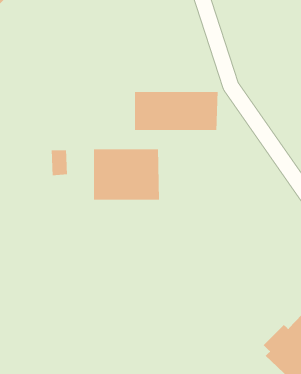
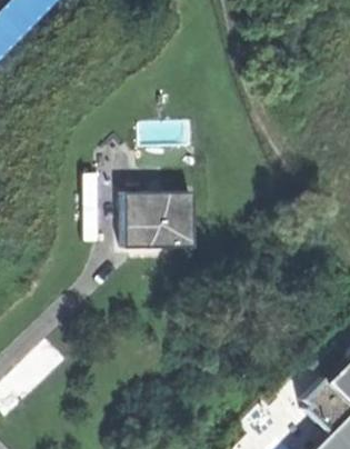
building: [134,91,219,131] -> none

